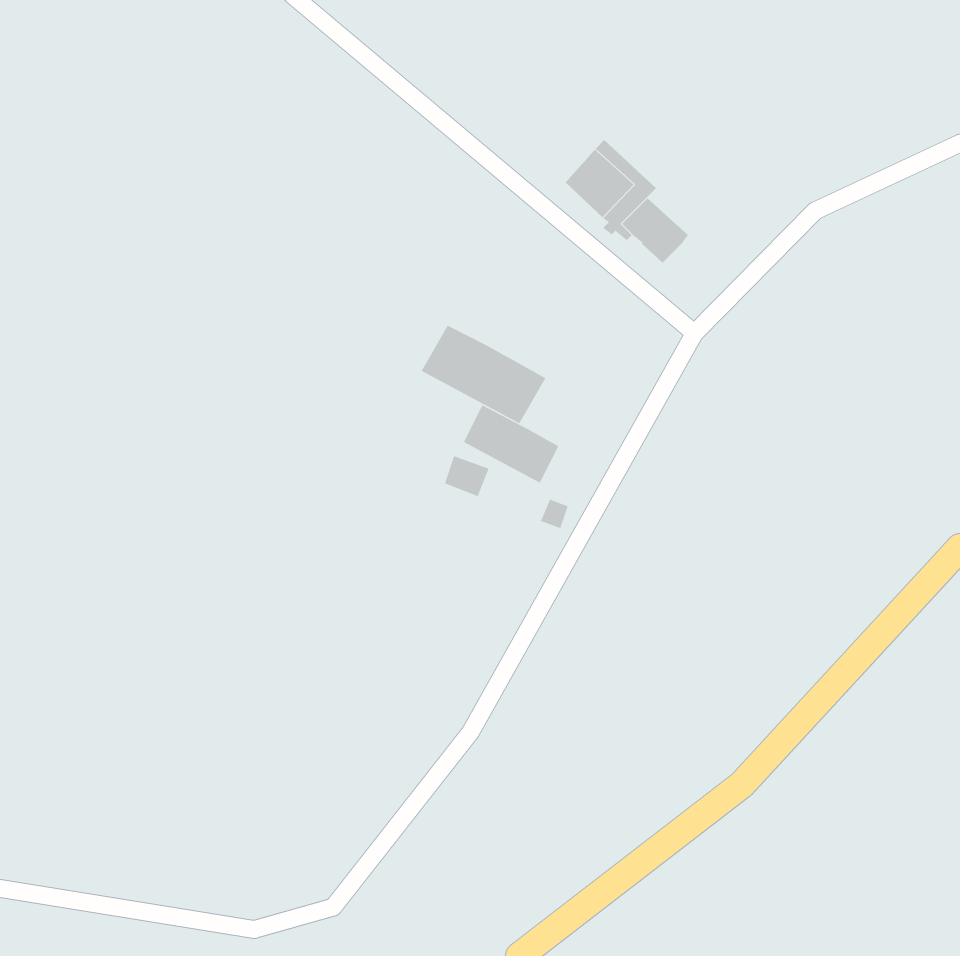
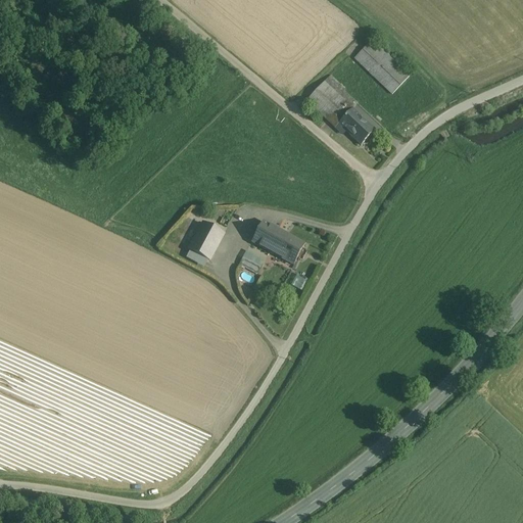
building: none -> [354,37,410,92]
building: [421,325,546,424] -> none
building: none -> [189,221,223,257]

